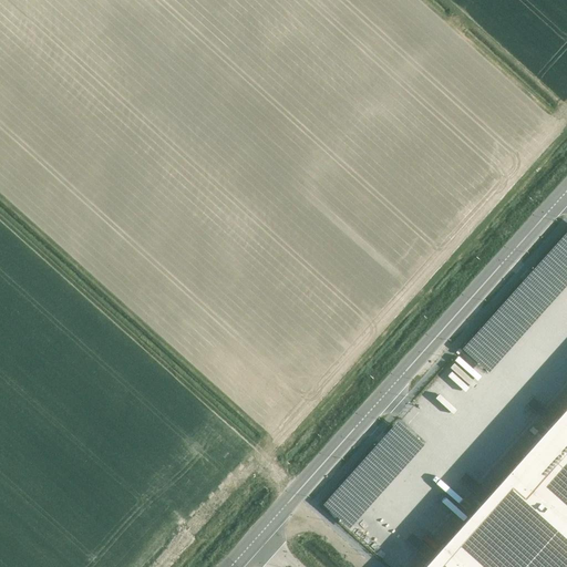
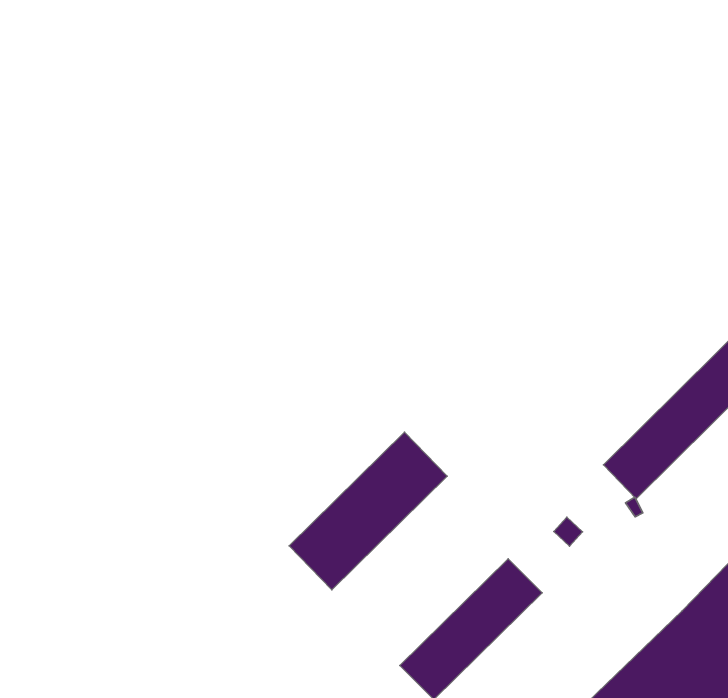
building: none -> [289,432,447,590]

